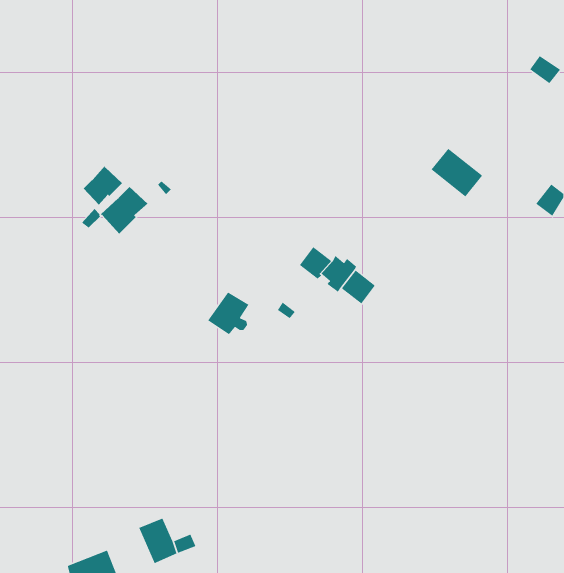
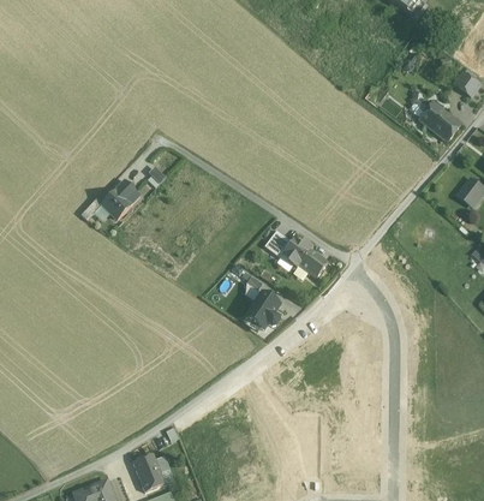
building: [431,148,483,197] -> [417,100,460,141]
building: [83,166,123,206] -> none
building: [207,291,250,335] -> [244,291,279,327]

